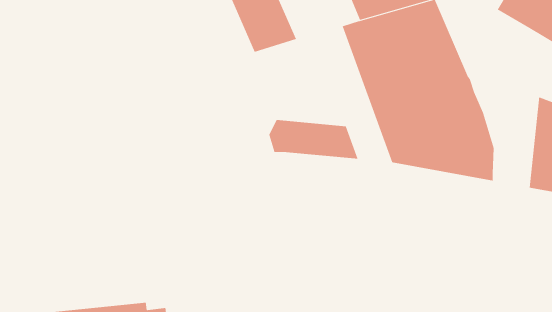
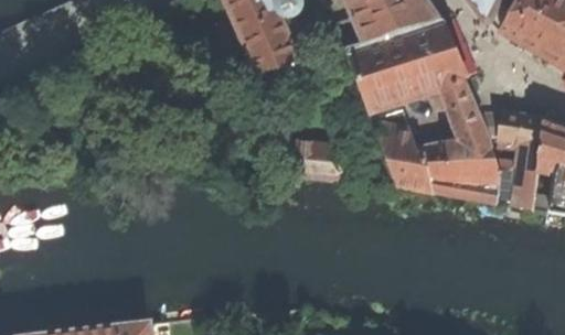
building: none -> [479,111,543,208]

